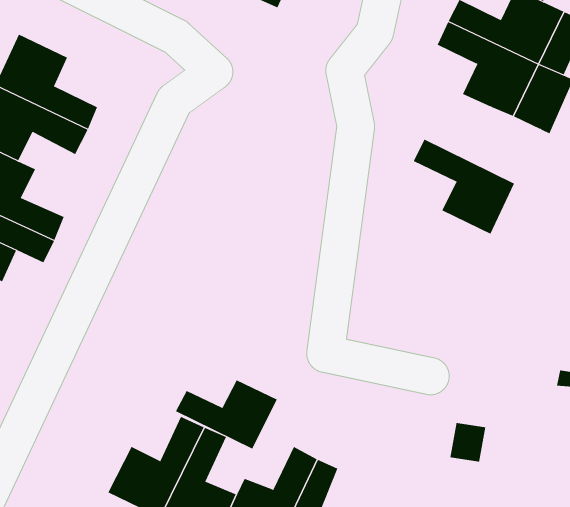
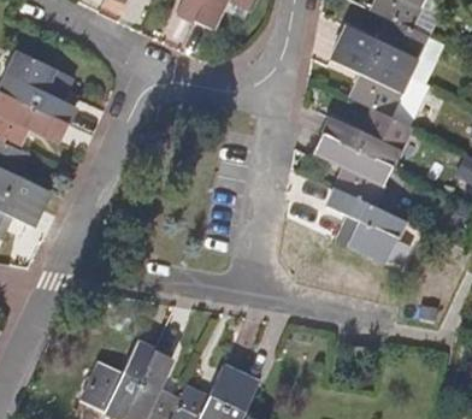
building: none -> [323,107,411,165]
building: none -> [328,185,406,260]
building: [175,380,277,449] -> none

